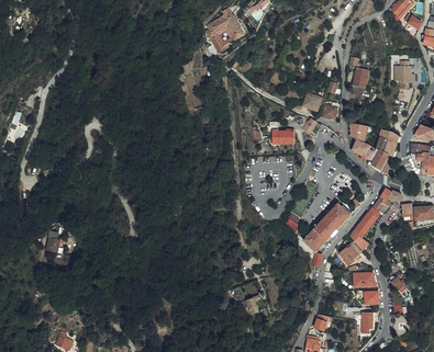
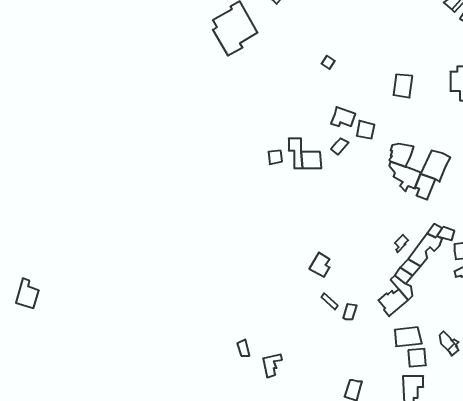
building: [303,204,350,251] -> none

